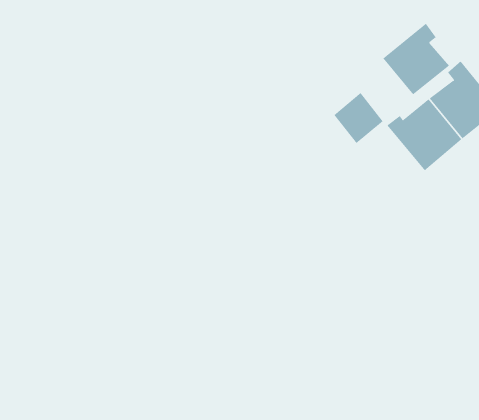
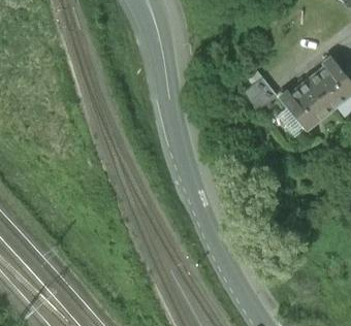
building: [382,23,450,95] -> none

